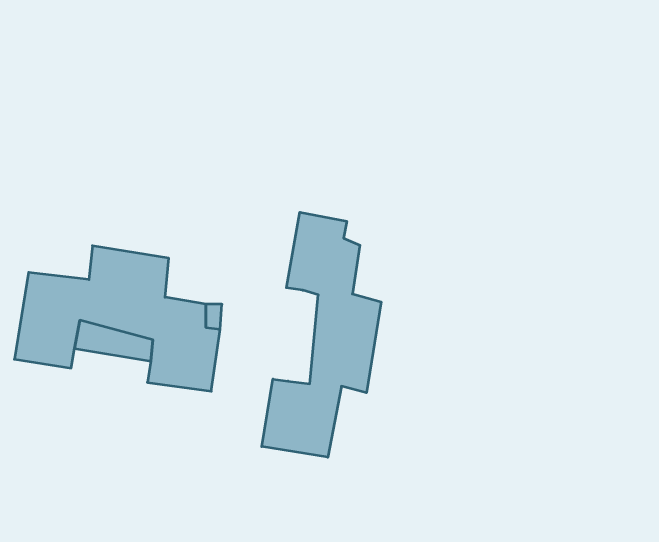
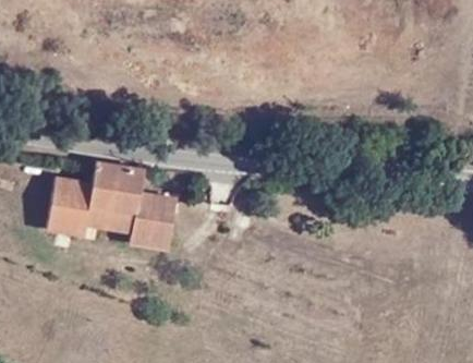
building: [262,212,381,457] -> none

